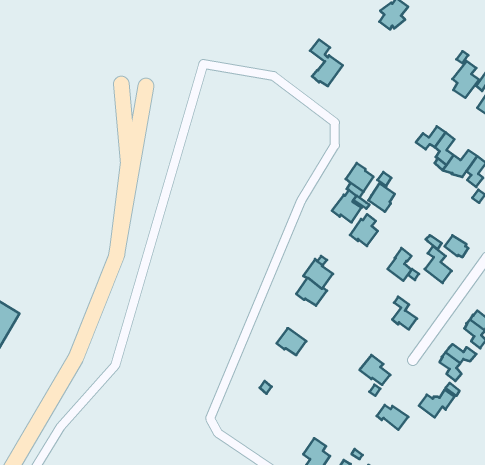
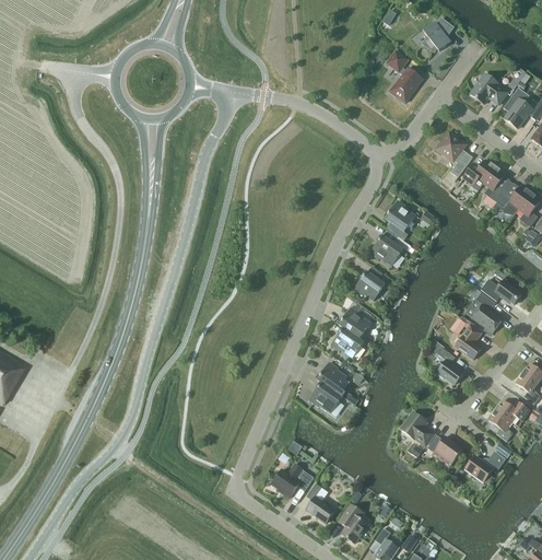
building: [310,40,343,86] -> [387,50,423,102]
building: none -> [470,73,508,105]
building: none -> [436,132,473,177]
building: [368,183,395,212] -> none
building: [350,214,378,246] -> [355,266,386,301]
building: [388,248,411,281] -> [456,324,482,360]
building: none -> [317,362,354,401]
building: none -> [272,464,315,498]
building: [377,405,408,430] -> [428,435,463,463]
building: none -> [306,483,335,523]

